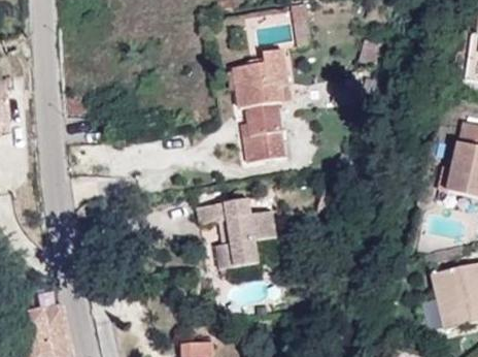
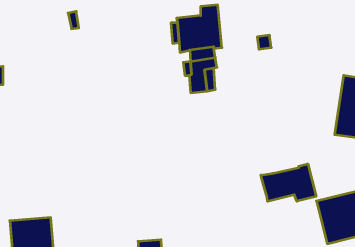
building: [215,195,283,268] -> none
building: none -> [261,164,316,201]

